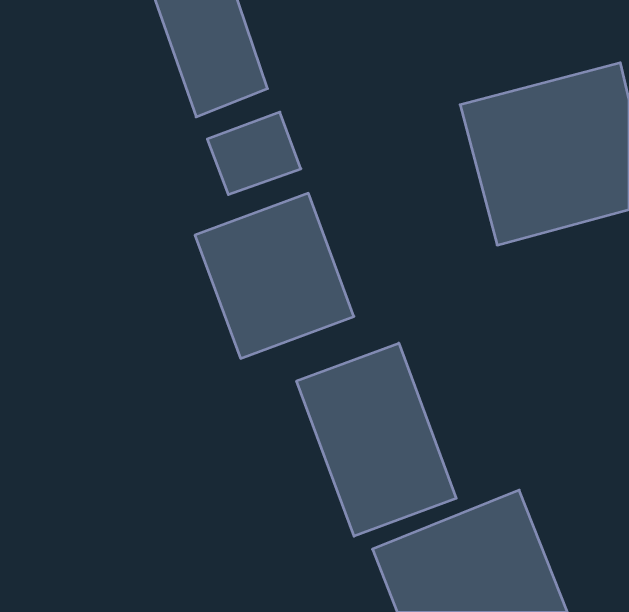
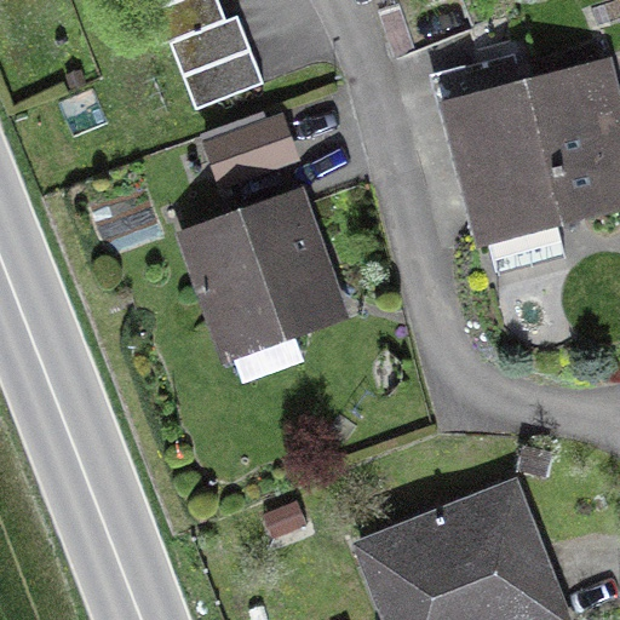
building: [297,343,456,536] -> none

